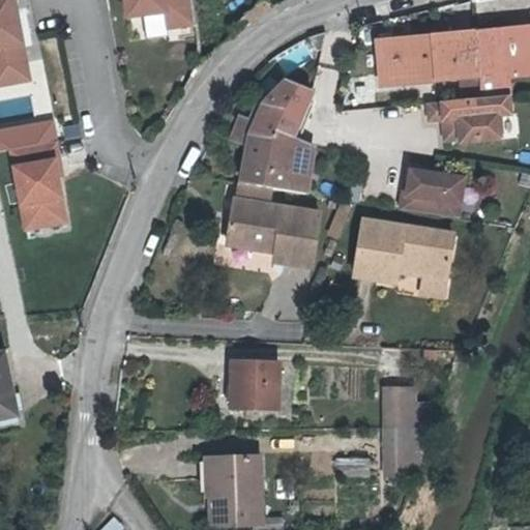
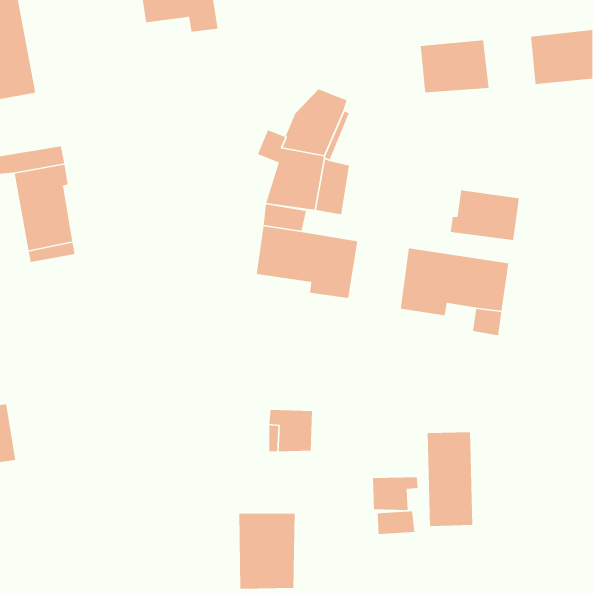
building: [431,32,476,79] -> none
building: [424,93,505,139] -> none
building: none -> [372,476,419,511]

